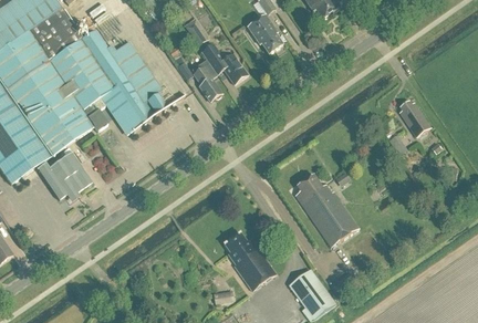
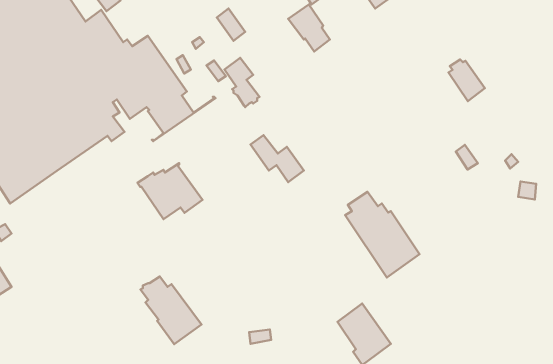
building: [201,44,247,84] -> [251,135,304,182]
building: [399,102,430,137] -> [448,60,485,101]
building: [35,152,91,199] -> [138,163,203,219]
building: [224,232,276,290] -> [140,277,201,344]

